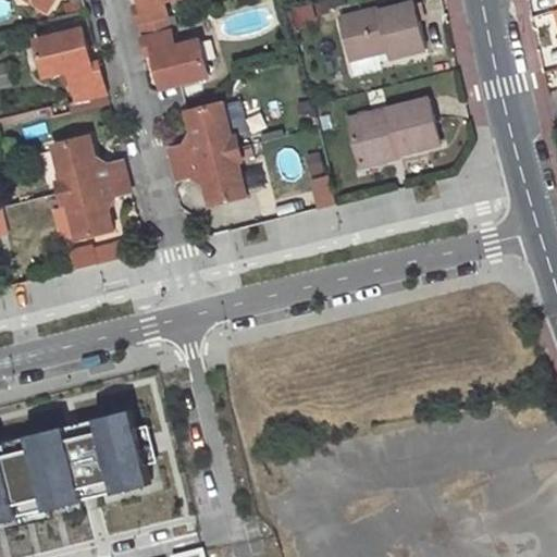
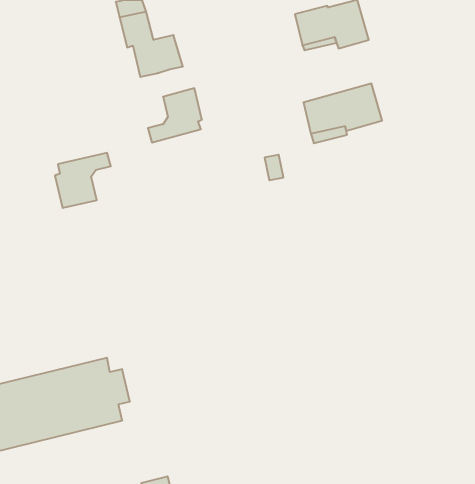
building: [30,28,103,101] -> none
building: [50,136,123,189] -> none
building: [174,149,246,203] -> none

